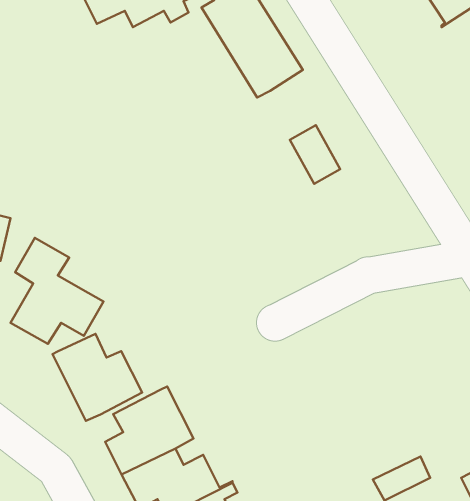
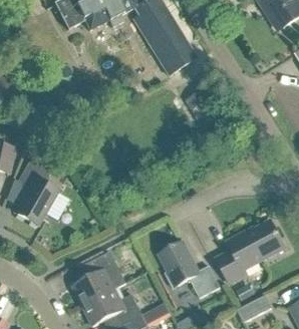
building: [53,334,142,421] -> none
building: none -> [215,219,284,282]
building: none -> [159,240,219,296]

